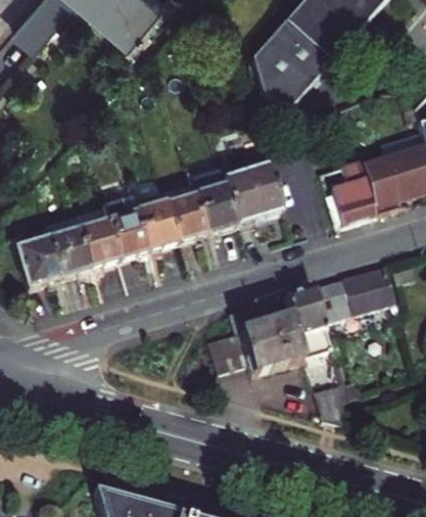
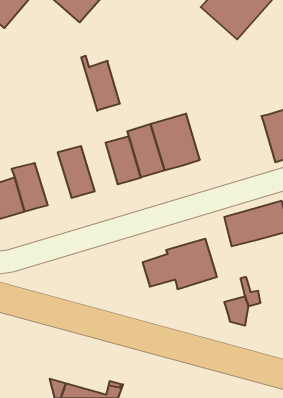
building: [253,21,330,111] -> none
building: [329,162,378,230] -> none
building: [130,185,179,254] -> [81,56,120,111]
building: [74,205,121,272] -> none
building: [285,287,331,359] -> none

